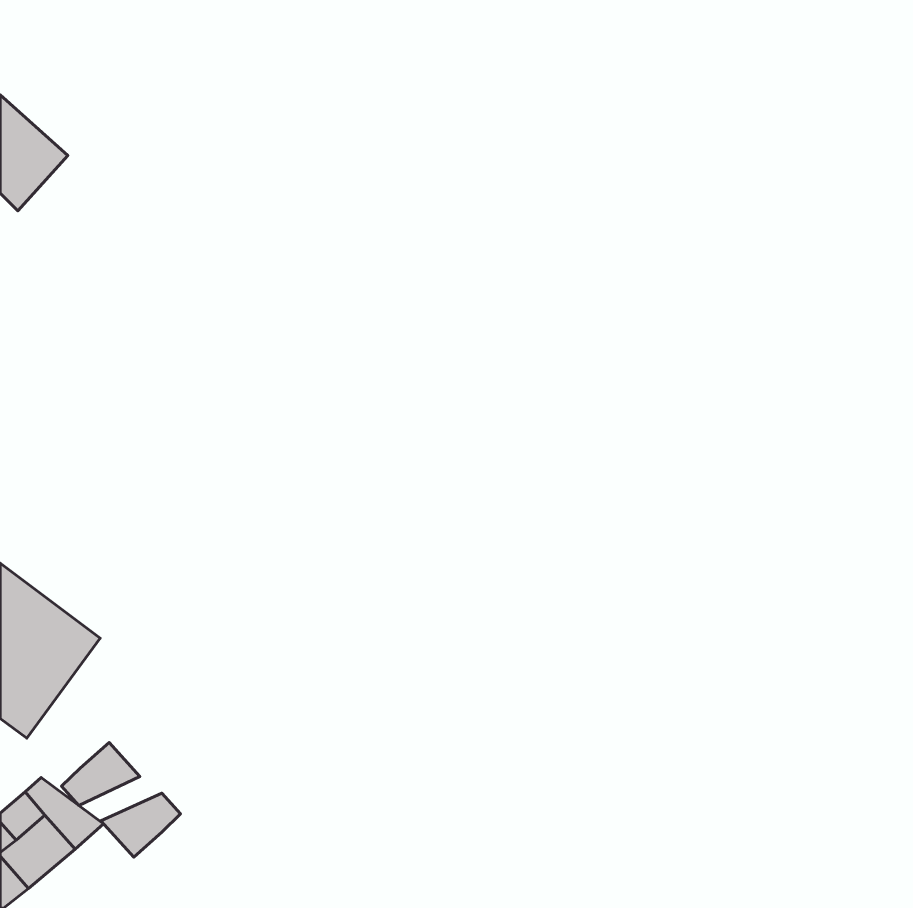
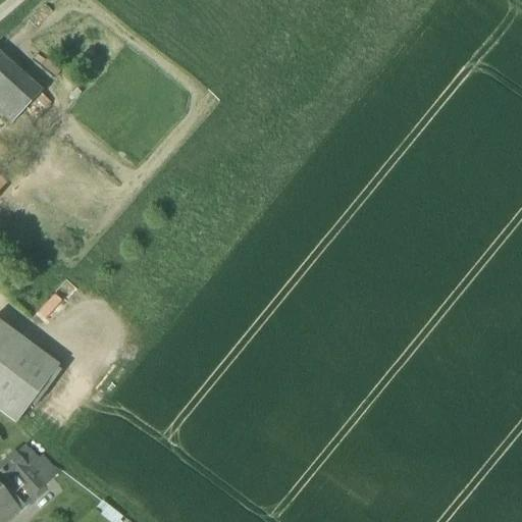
building: [62,742,140,806] -> none
building: [101,793,181,857] -> none

